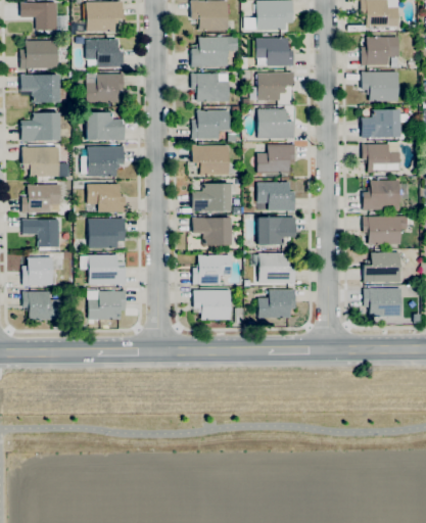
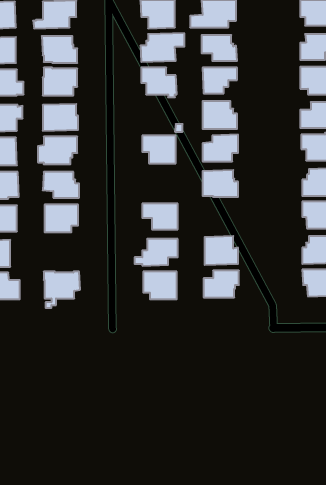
building: [192,110,230,139] -> none
building: [192,184,236,210] -> none
building: [257,217,296,244] -> none
building: [81,254,126,284] -> none

